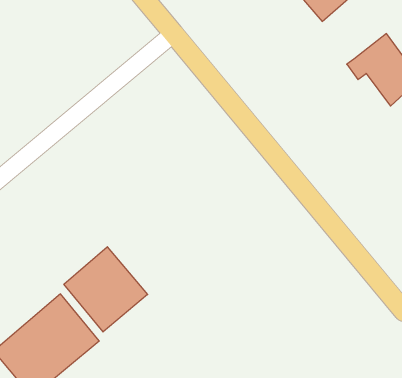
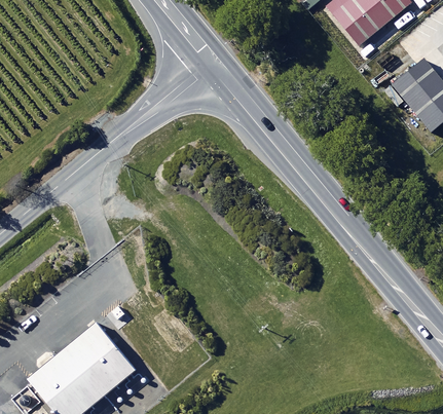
building: [64,247,148,332] -> none

